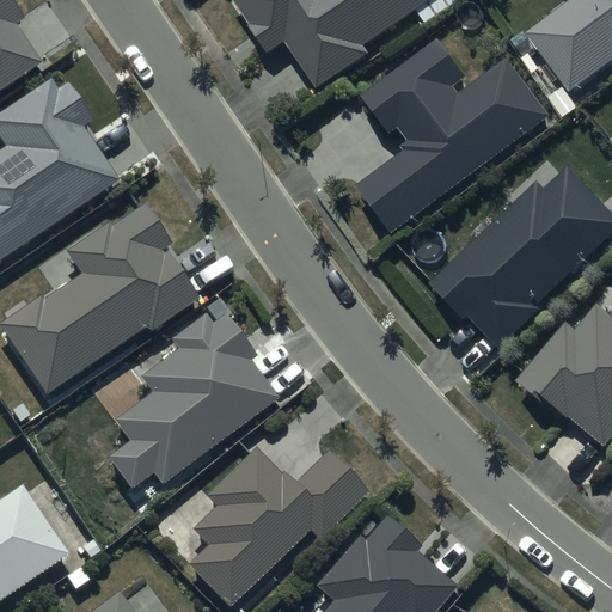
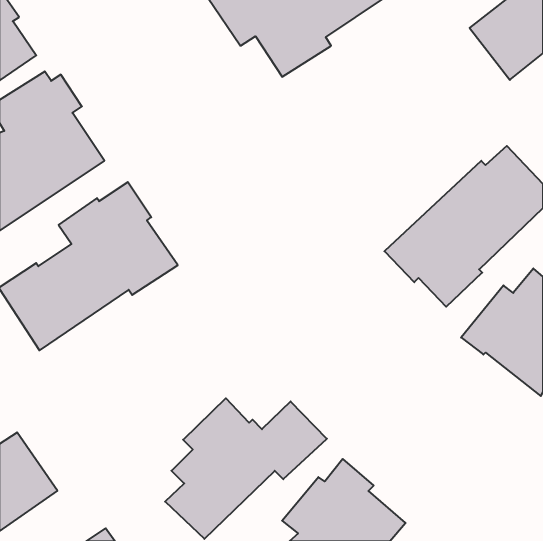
building: [360,37,552,231] -> none
building: [105,312,277,489] -> none

